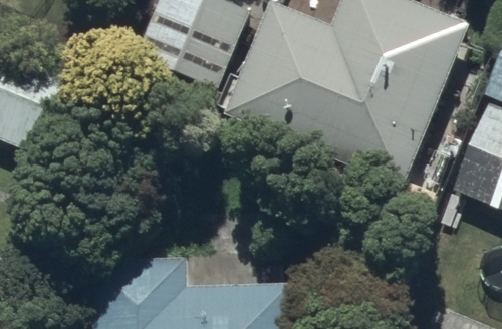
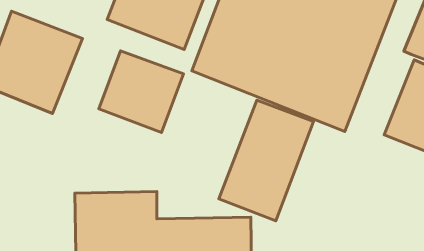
building: none -> [99,51,184,132]
building: none -> [219,100,313,221]

